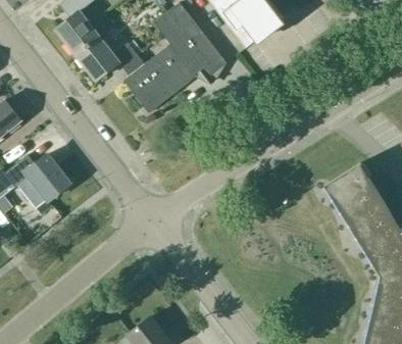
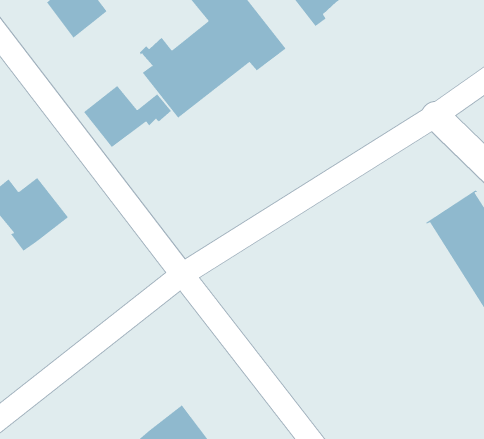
building: [73,37,137,82] -> [83,85,172,148]

